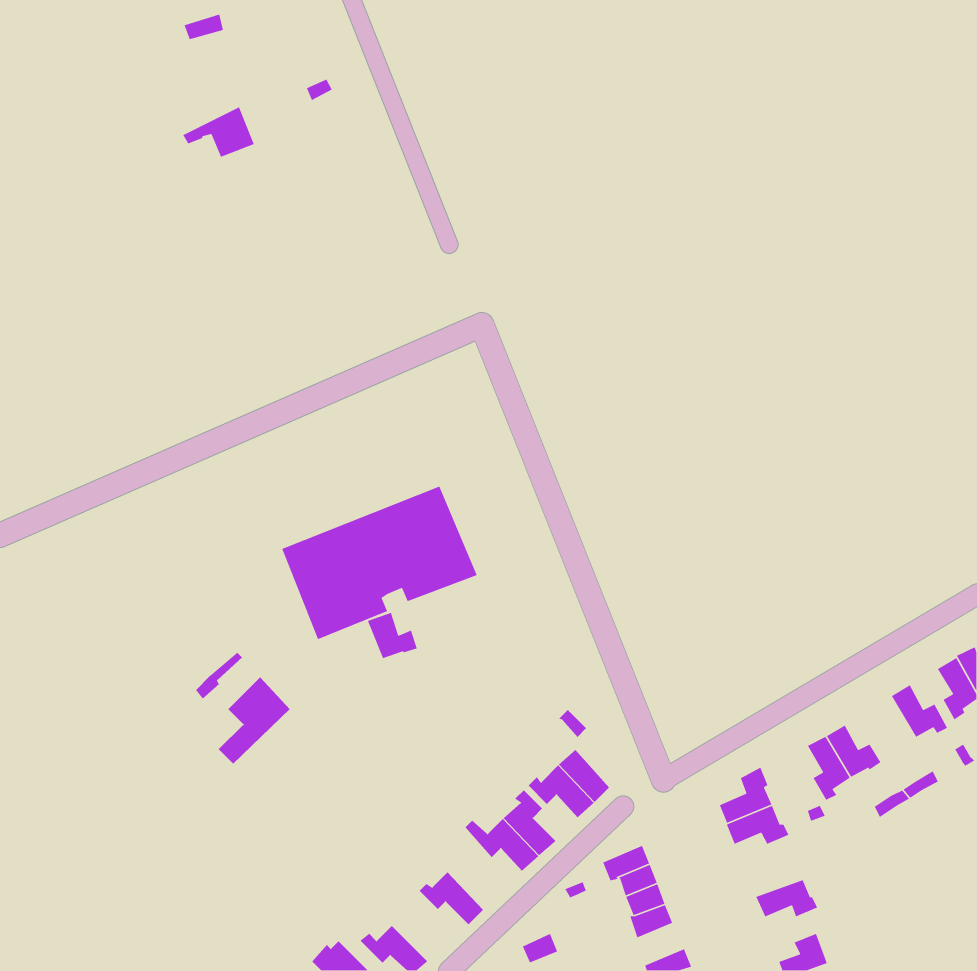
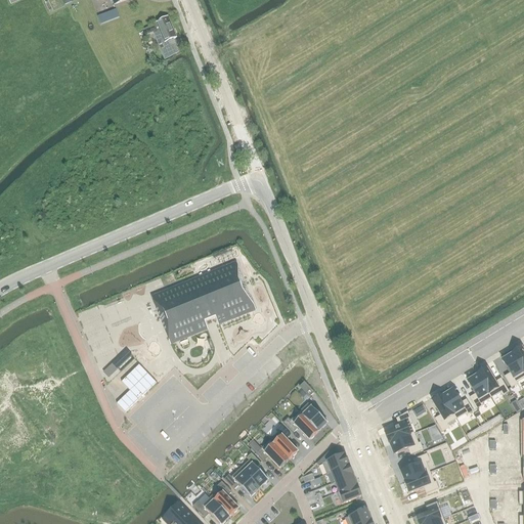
building: [182,106,255,158] -> [137,14,176,42]
building: [367,612,418,659] -> none
building: none -> [467,373,490,406]
building: none -> [239,451,268,487]
building: none -> [400,452,430,480]
building: none -> [210,480,238,515]

